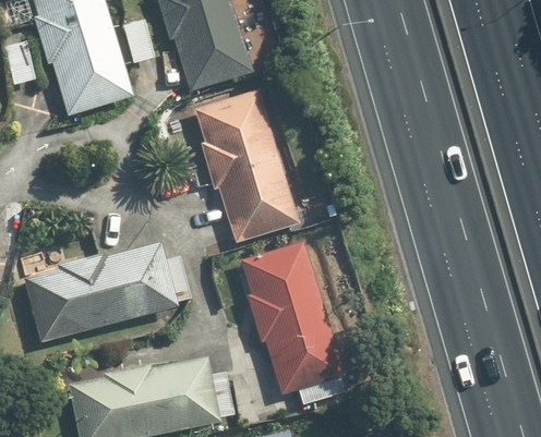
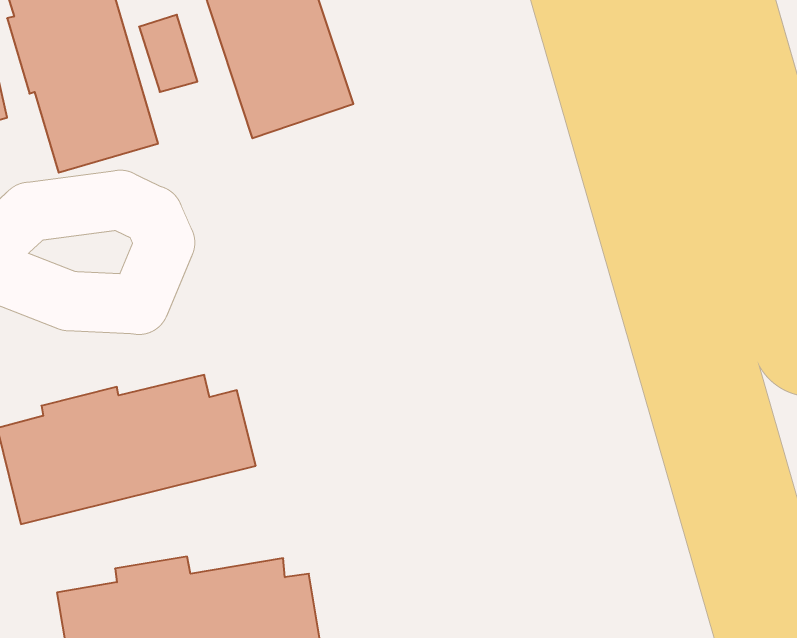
building: [189,87,300,244] -> none
building: [240,240,346,405] -> none

